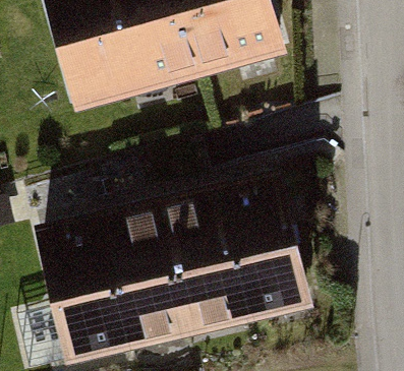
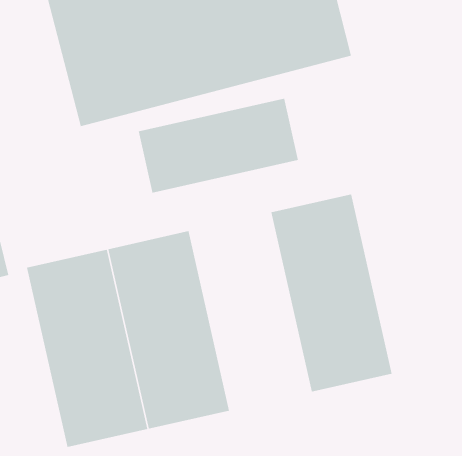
building: none -> [138,98,299,194]
building: [158,179,252,332] -> none

